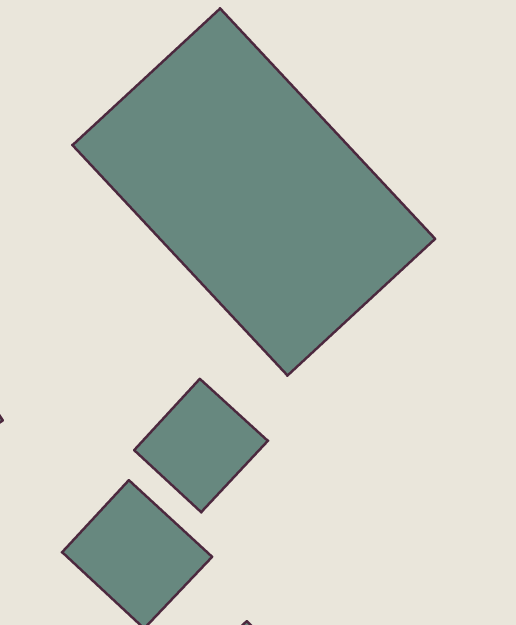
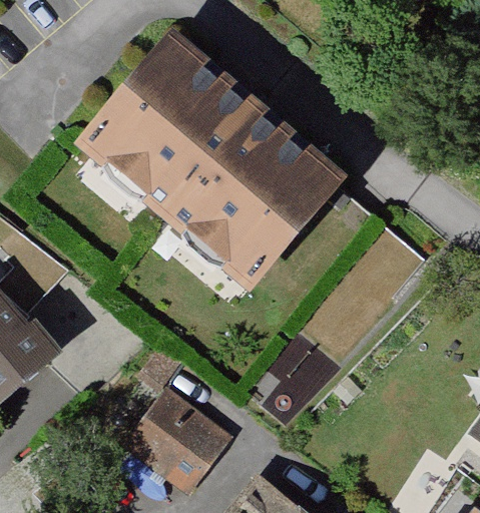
building: [134,379,268,512] -> none

